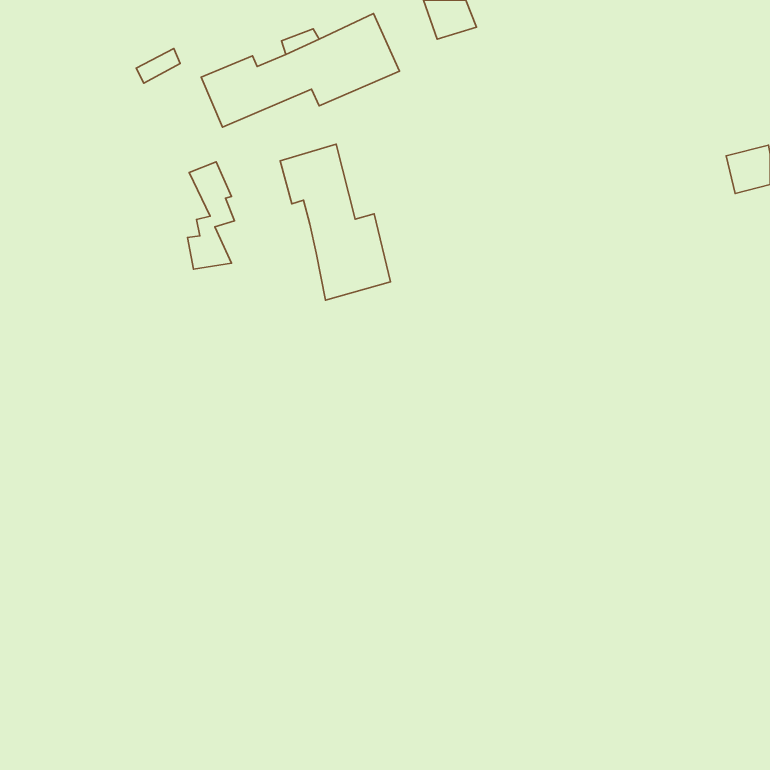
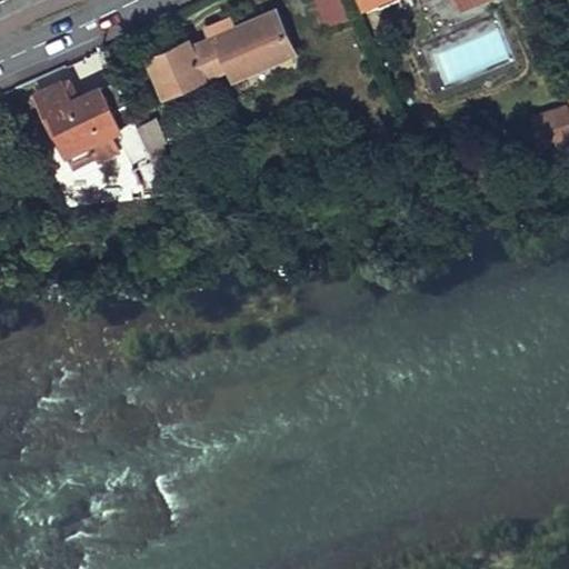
building: none -> [37,81,114,164]
building: [280,144,391,300] -> none

